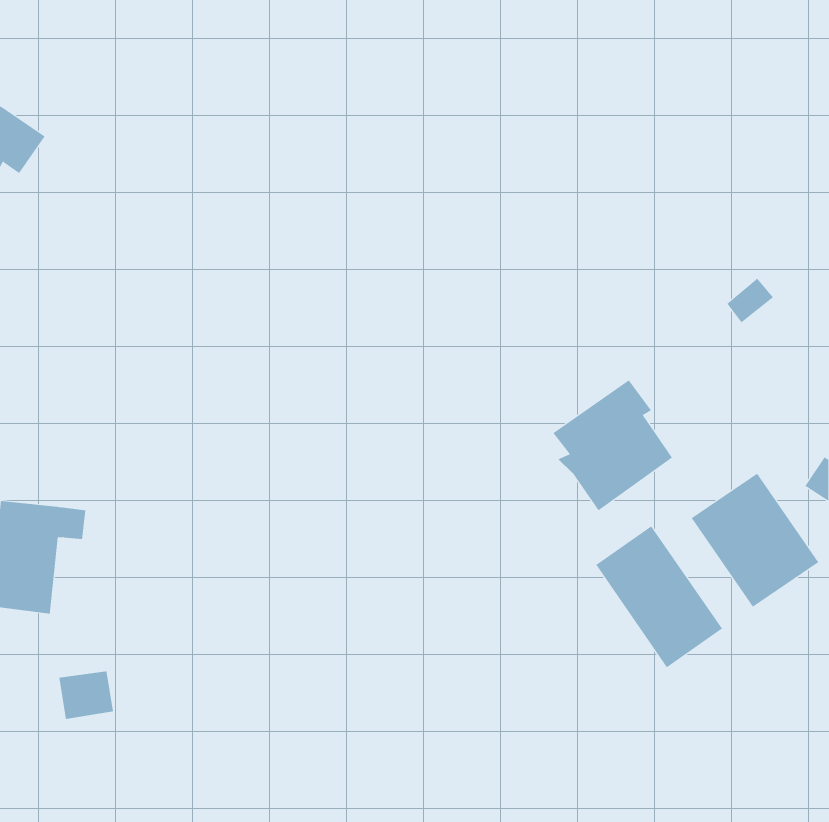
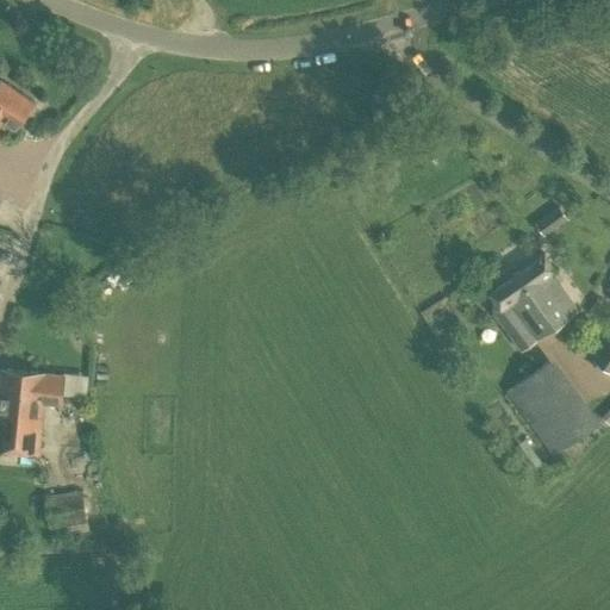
building: [553,379,673,511] -> [487,257,575,354]
building: [595,525,723,668] -> none

